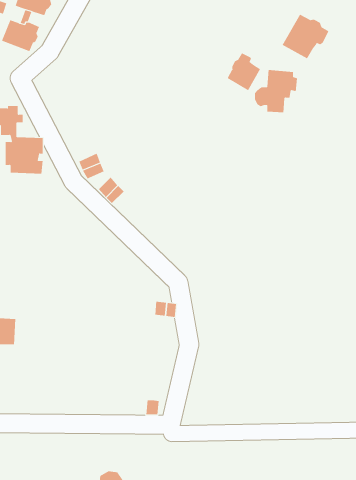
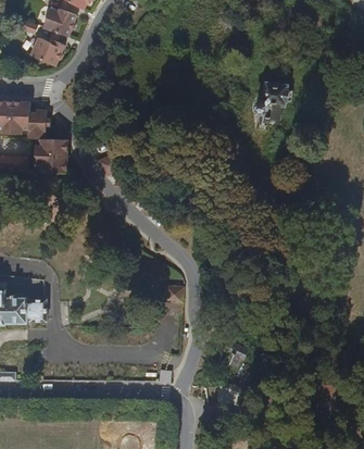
building: [282,14,329,59] -> none
building: [227,53,261,91] -> none

